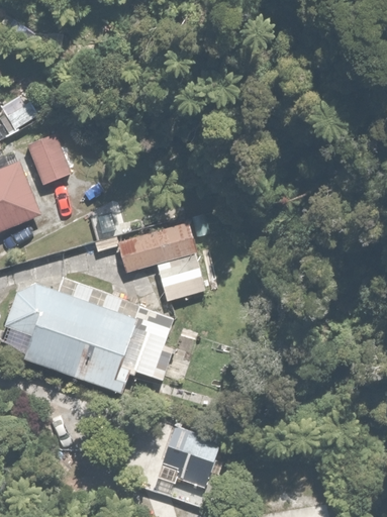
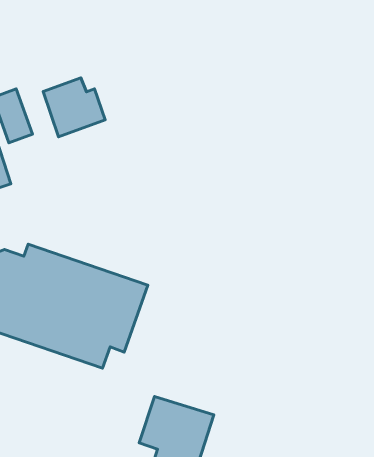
building: none -> [43,78,105,137]
building: [117,223,207,305] -> none

